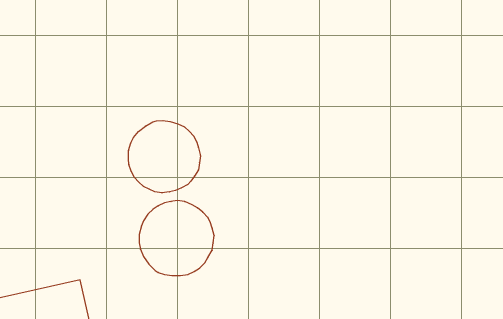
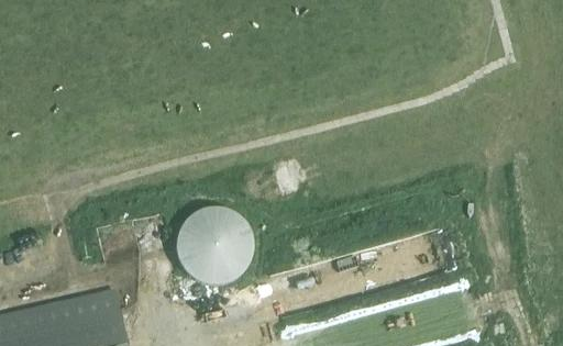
building: [128,121,200,193] -> none

